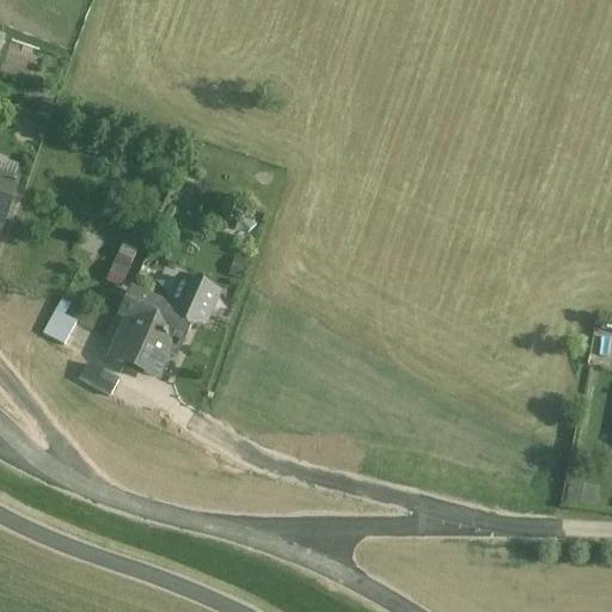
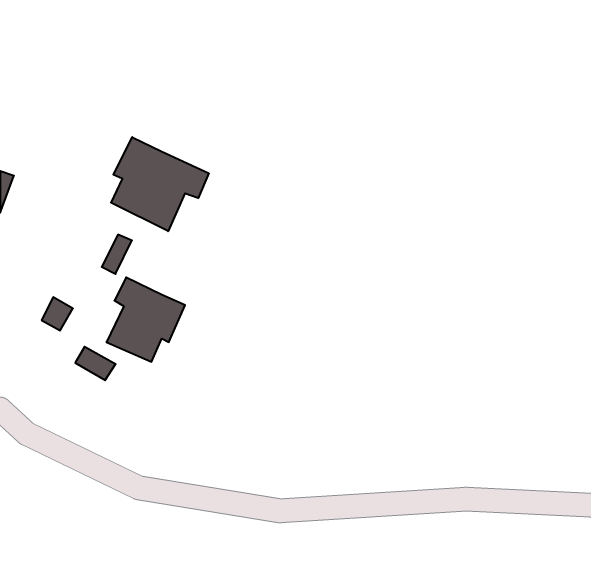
building: none -> [111,137,209,231]
building: [167,275,215,322] -> none

